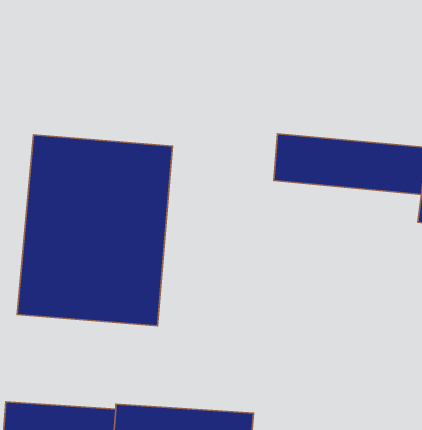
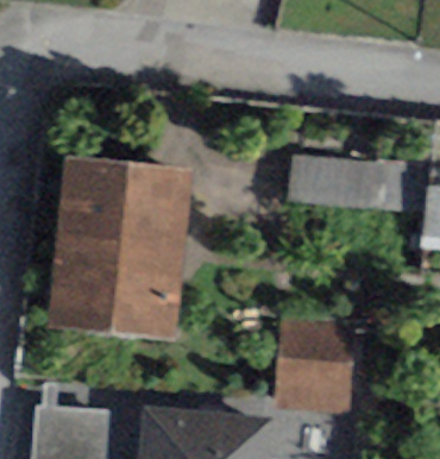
building: none -> [277,320,354,411]

